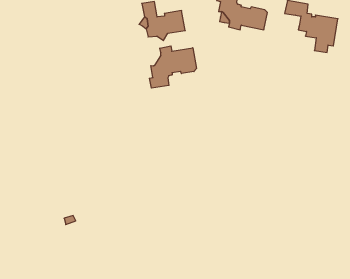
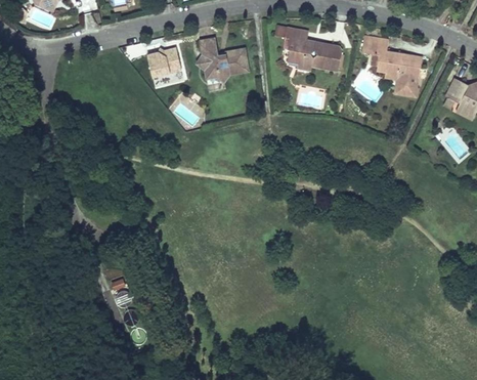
building: none -> [146,47,181,77]
building: [149,46,196,88] -> none

